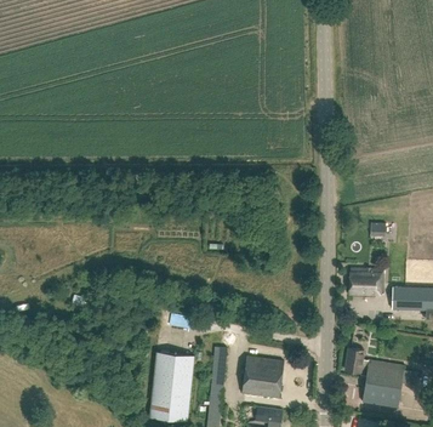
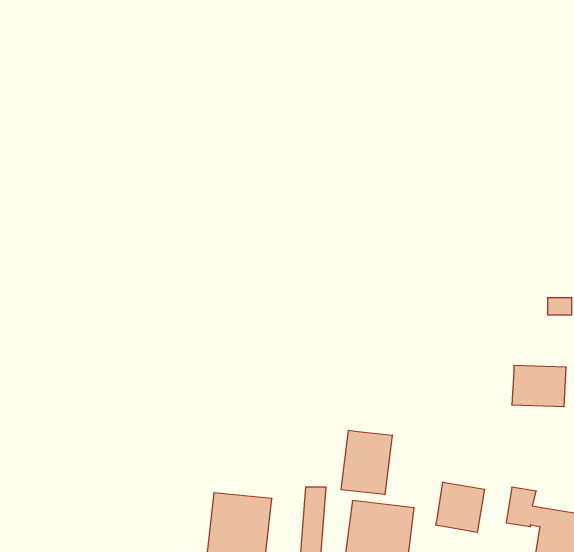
building: none -> [341,430,392,495]
building: none -> [436,482,484,532]

